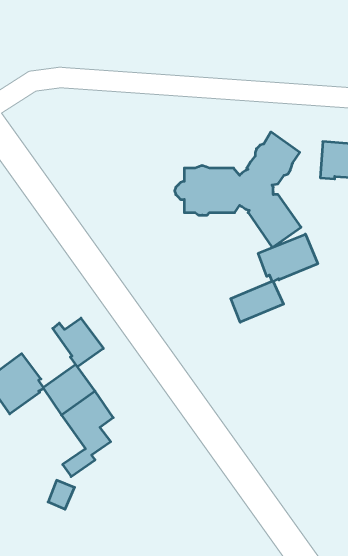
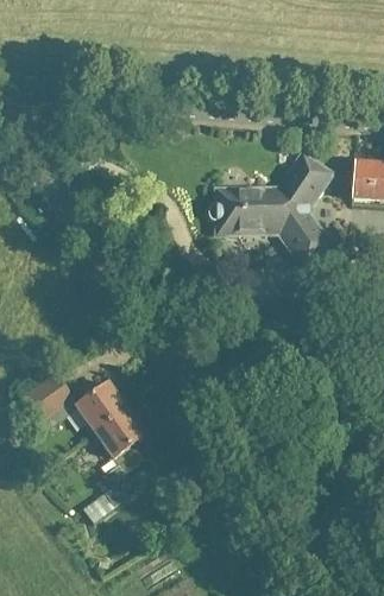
building: [231,234,318,322] -> none
building: [53,318,103,367] -> none

